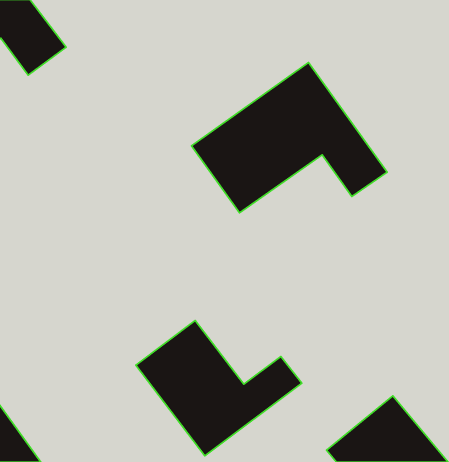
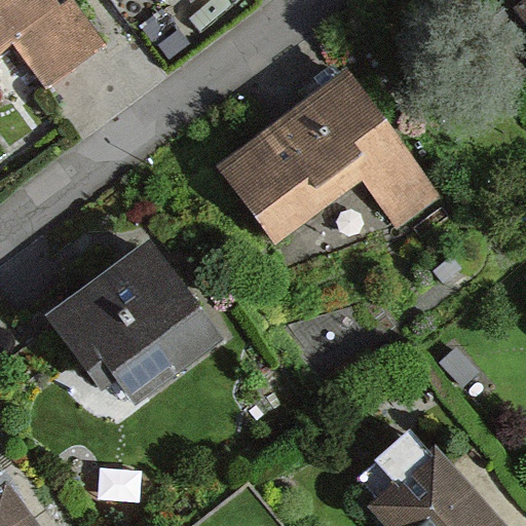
building: none -> [52,241,226,402]
building: [136,321,302,456] -> none

